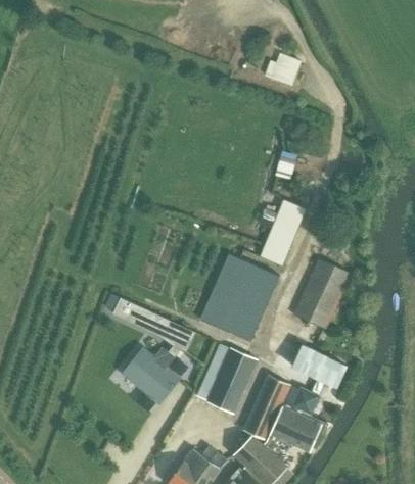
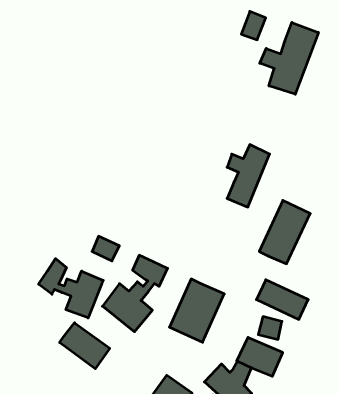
building: none -> [260,22,318,94]
building: [200,253,280,341] -> none
building: none -> [39,259,103,318]
building: [244,375,289,440] -> none
building: none -> [60,323,110,369]

